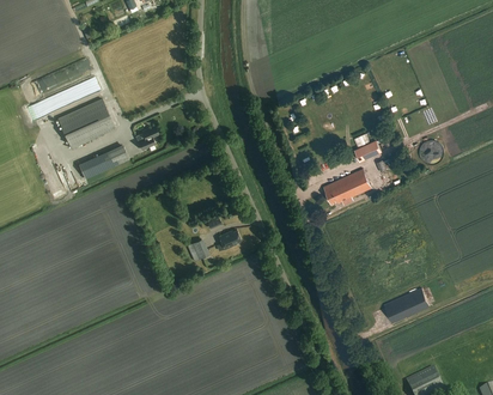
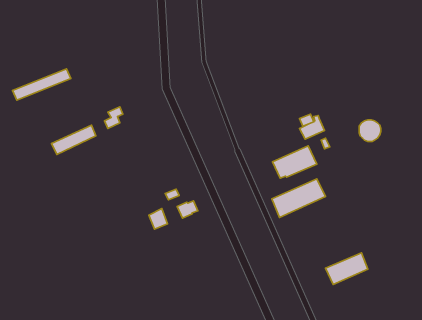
building: [57,99,115,147] -> none
building: none -> [272,179,325,217]

